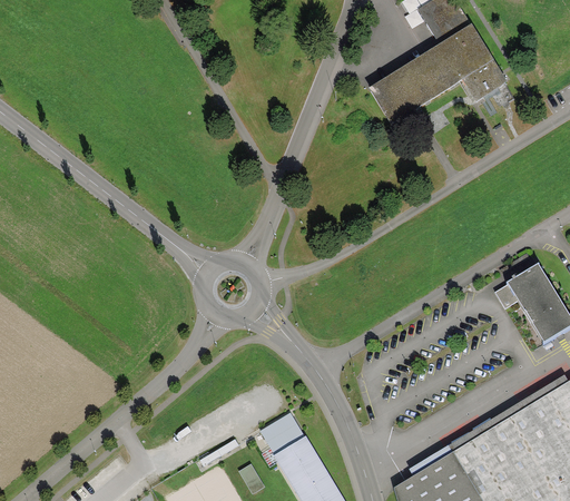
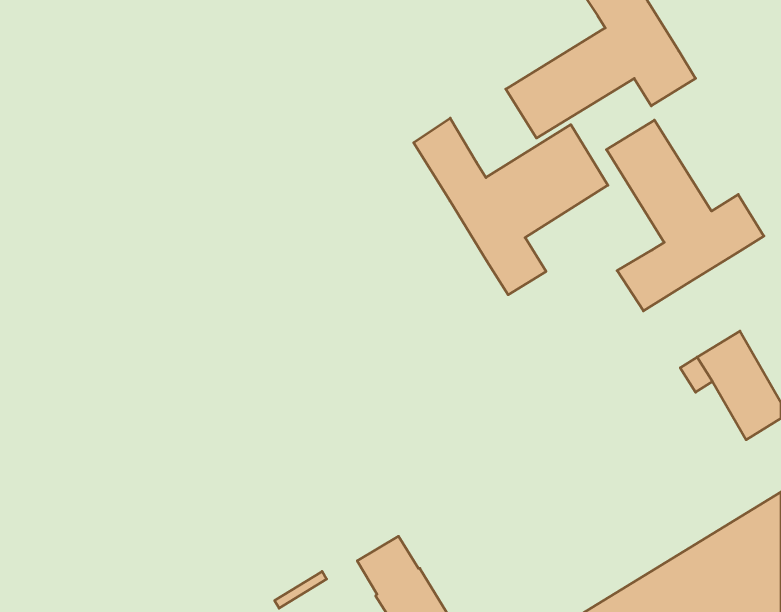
building: none -> [414,118,608,295]
building: none -> [606,120,764,311]

